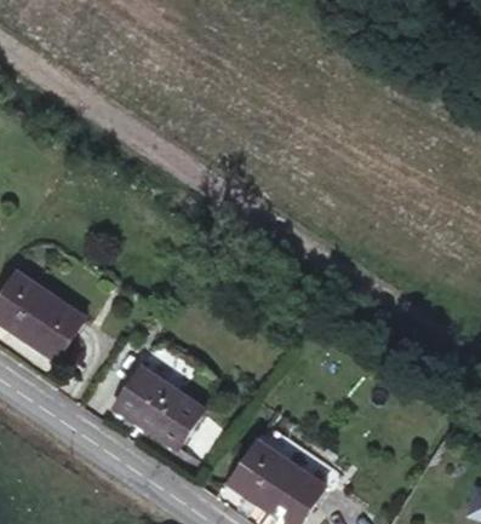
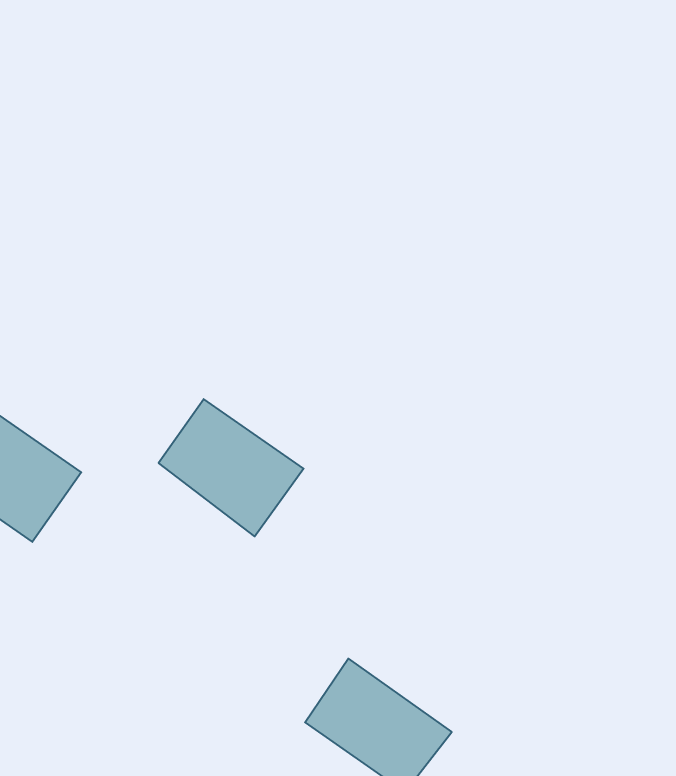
building: [111,361,205,449] -> [159,399,304,536]

